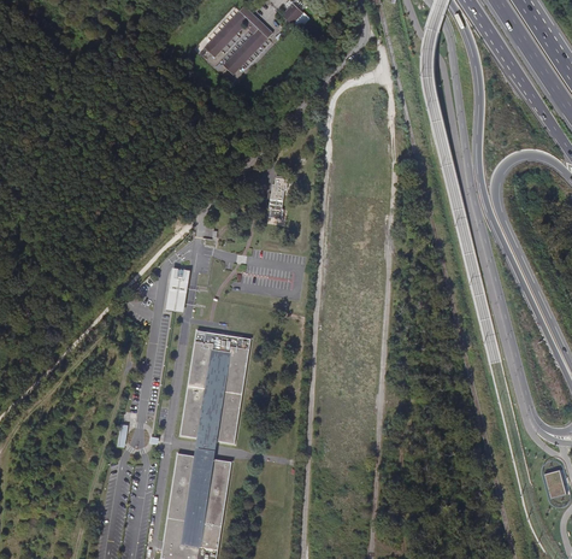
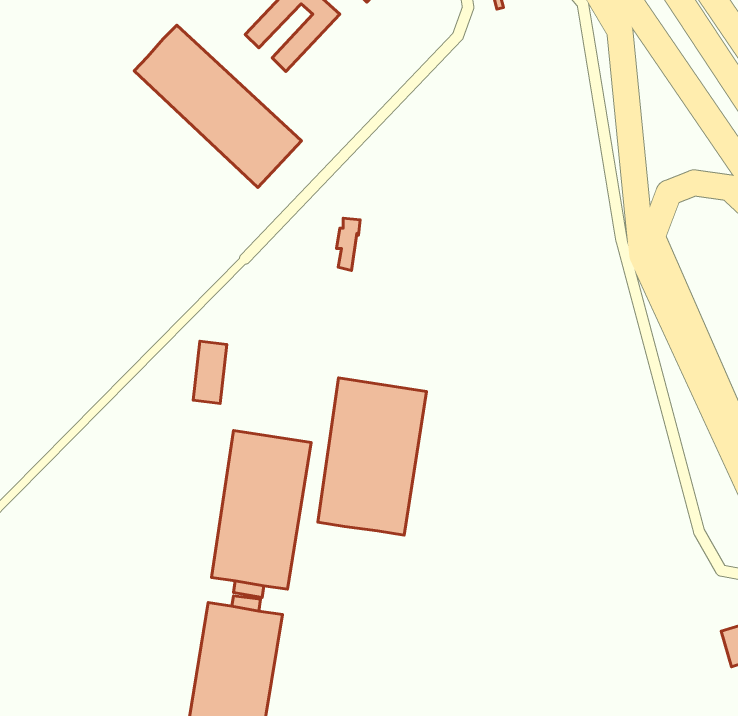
building: none -> [134,25,302,187]
building: none -> [318,378,426,535]

